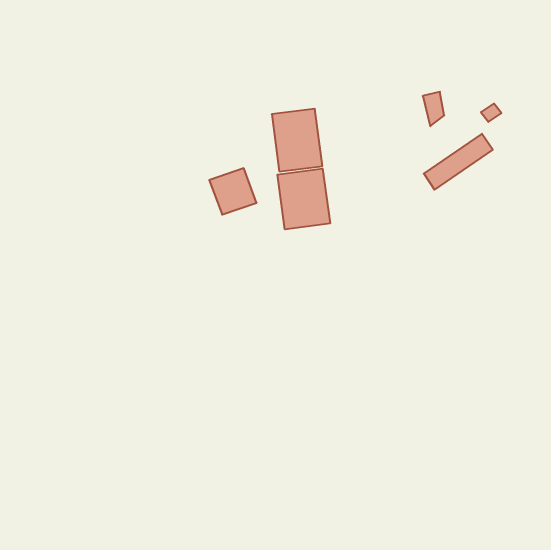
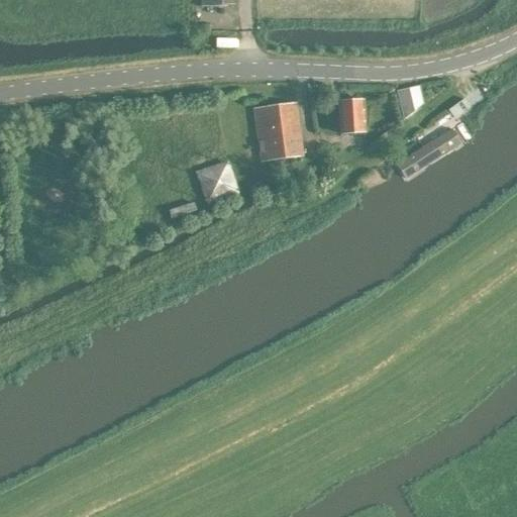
building: none -> [337,99,366,133]
building: [277,169,330,229] -> none

